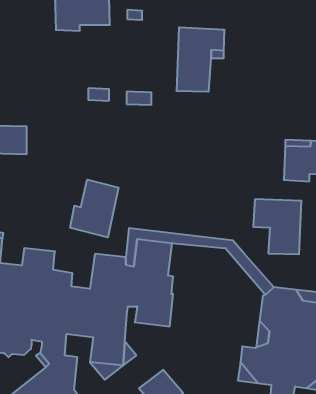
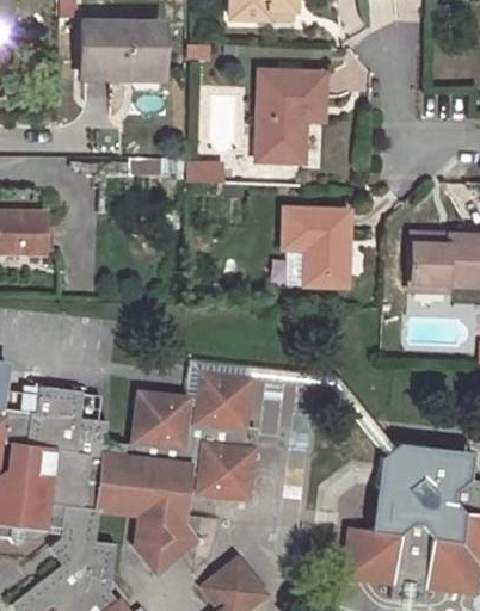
building: [70,180,119,237] -> none
building: [253,199,302,254] -> [283,208,352,286]

